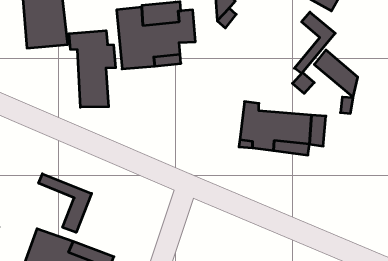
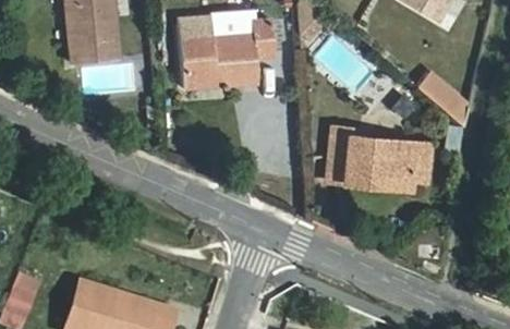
building: [294,12,335,74] -> none
building: [69,31,116,107] -> none
building: [39,174,92,232] -> none

